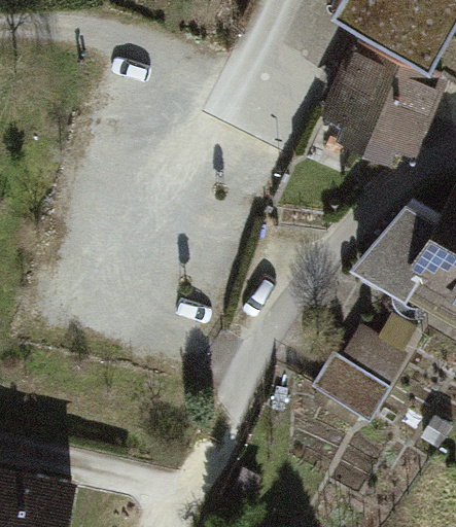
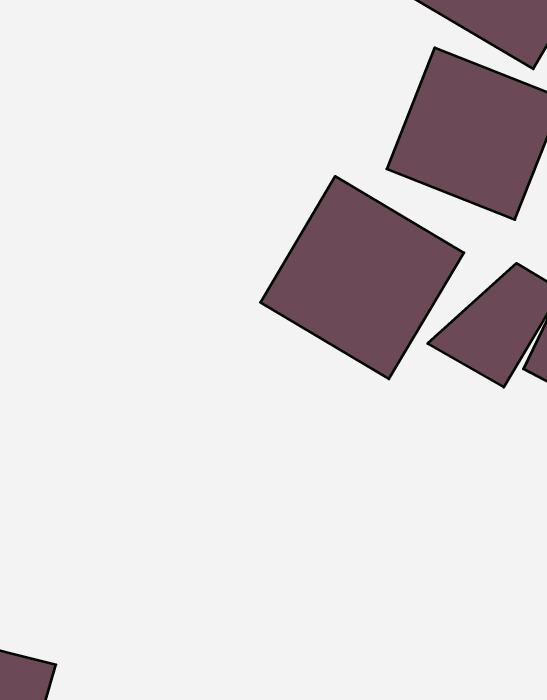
building: none -> [260,176,464,379]
building: [332,309,417,409] -> none

